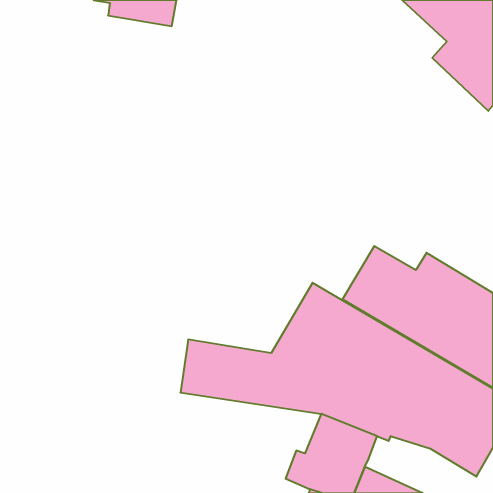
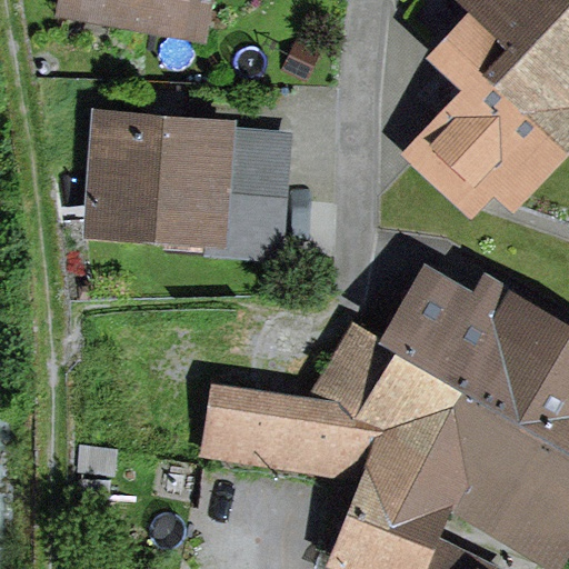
building: none -> [417,14,562,202]
building: none -> [97,124,282,253]

